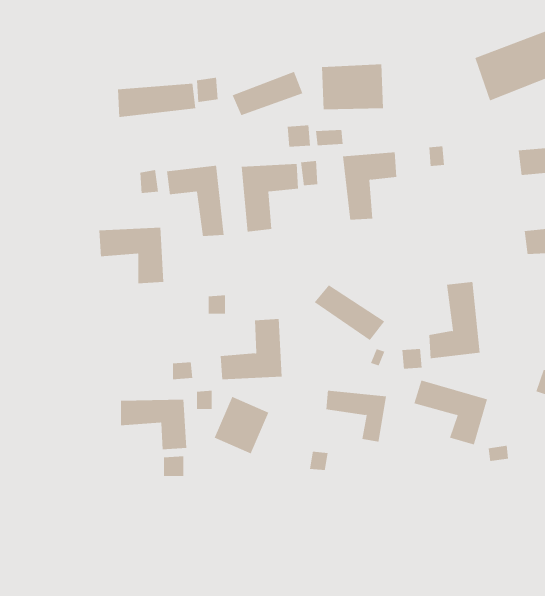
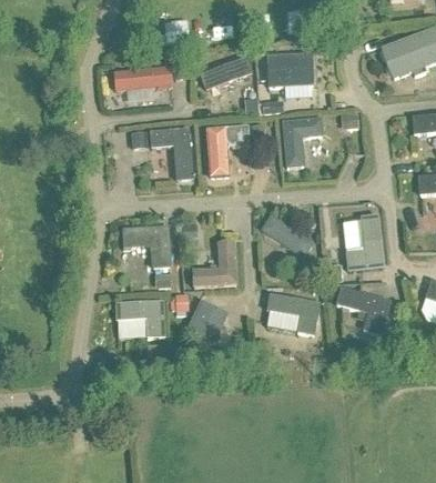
building: [99,227,164,284] -> [123,225,172,268]

